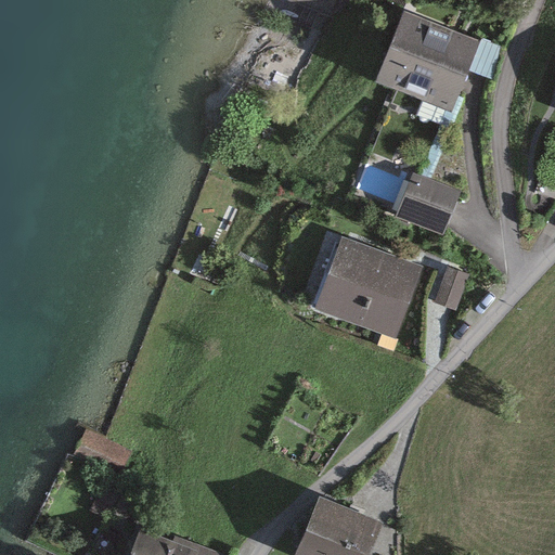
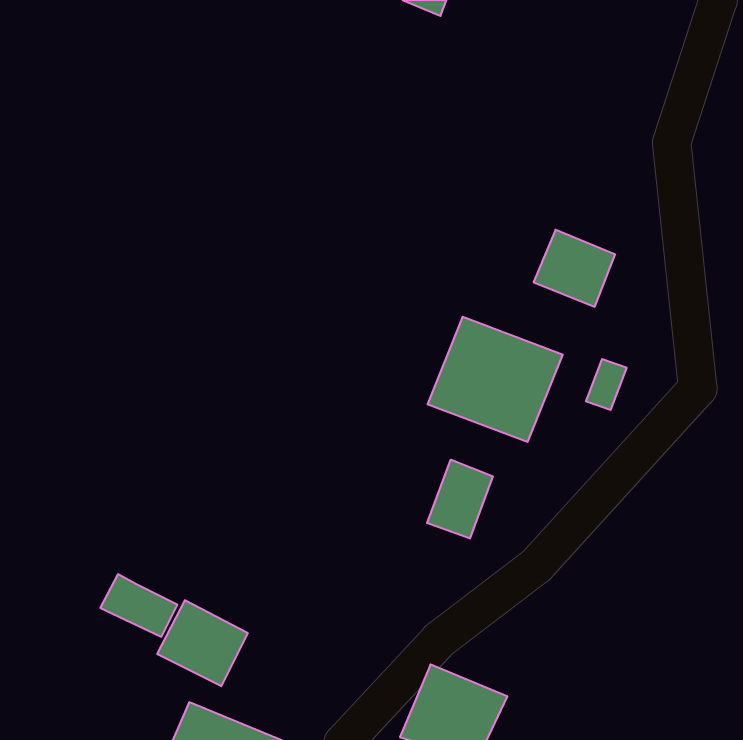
building: [375,17,479,112] -> none
building: none -> [427,460,493,539]
building: none -> [157,600,248,686]

